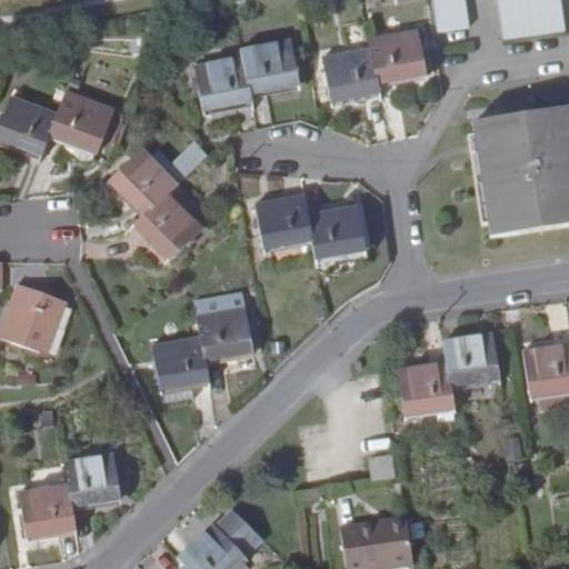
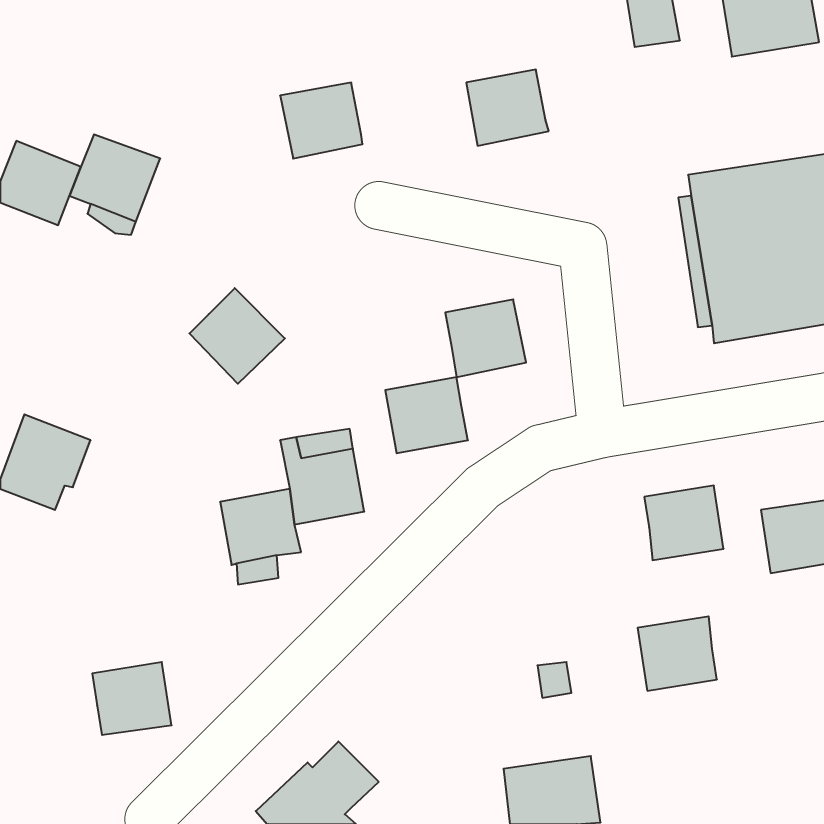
building: [368,30,425,82] -> none
building: [242,41,297,92] -> none
building: [112,150,177,216] -> none
building: [256,194,312,247] -> [385,377,468,453]
building: [399,362,453,413] -> [638,616,717,691]
building: [20,485,76,536] -> none

